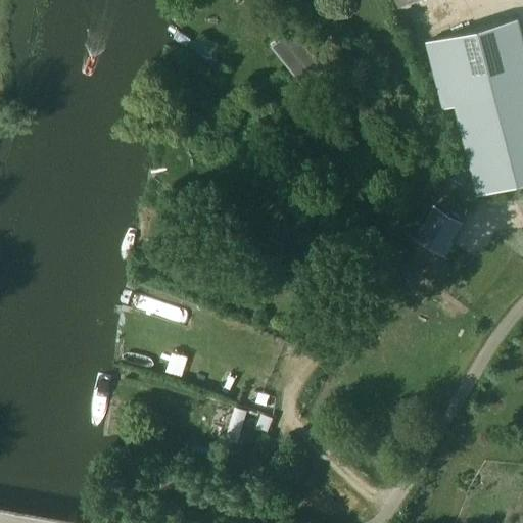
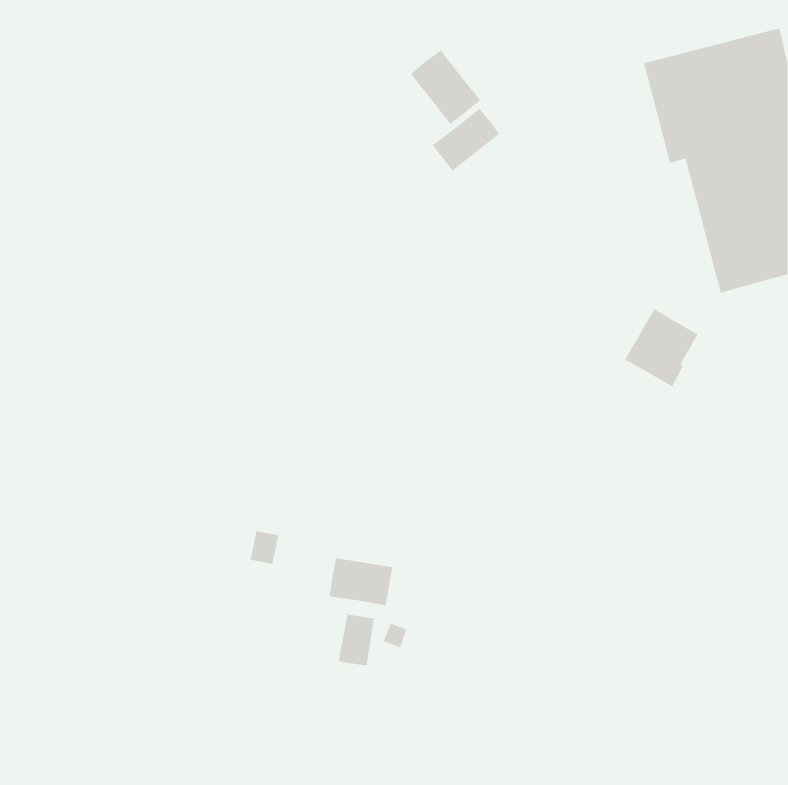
building: none -> [432,108,500,171]
building: none -> [329,557,393,606]

